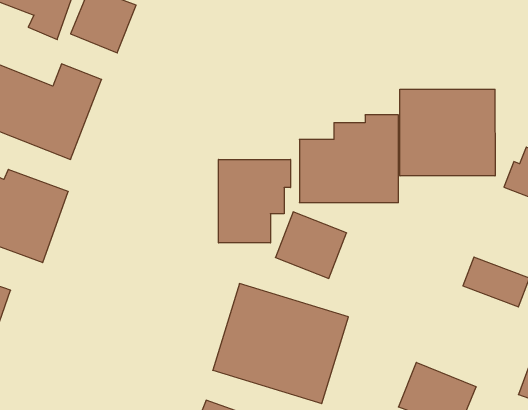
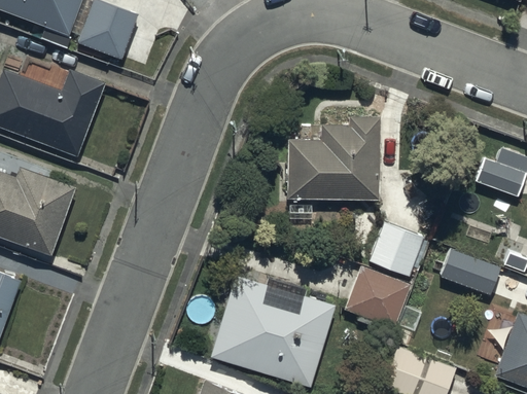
building: [400,89,495,176] -> none
building: [219,159,290,243] -> none
building: [275,212,347,278] -> [345,265,411,327]
building: none -> [370,222,424,276]

